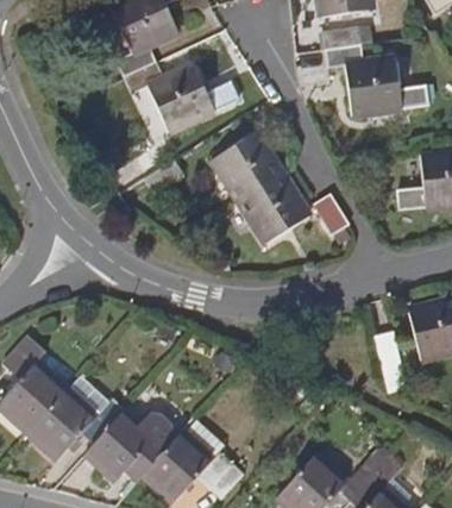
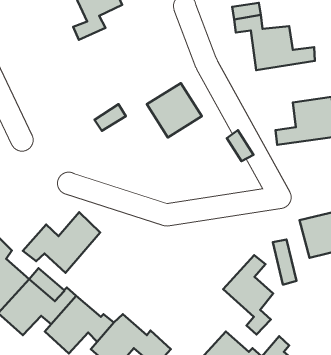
building: [125,61,241,132] -> none
building: [240,175,312,245] -> none
building: none -> [23,212,100,273]
building: none -> [223,255,273,334]

